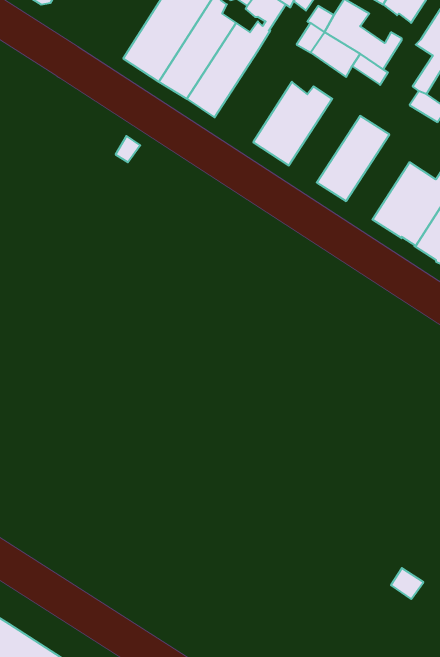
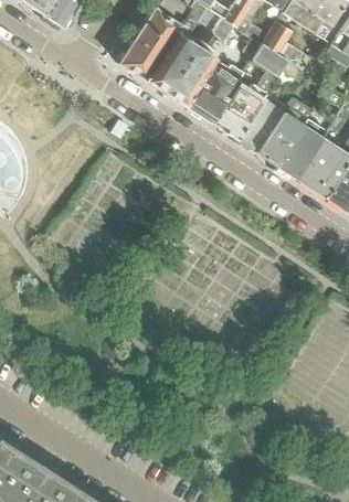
building: none -> [183,57,244,122]
building: none -> [236,92,287,151]
building: none -> [277,117,327,178]

